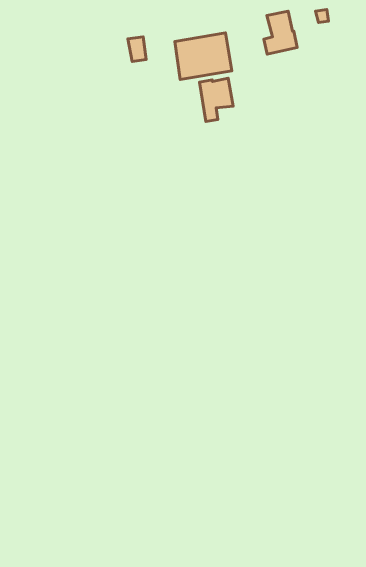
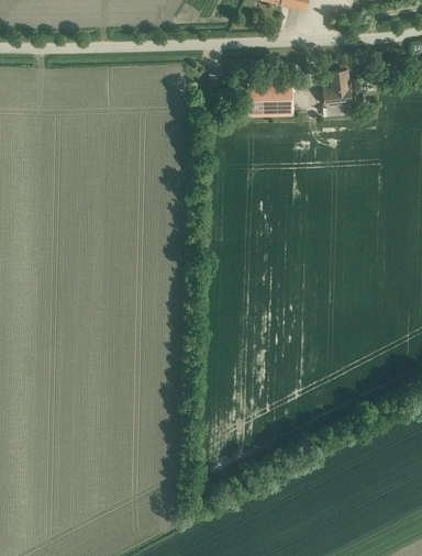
building: [199,78,233,122] -> none

